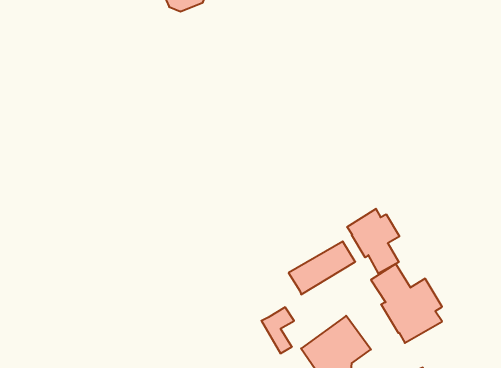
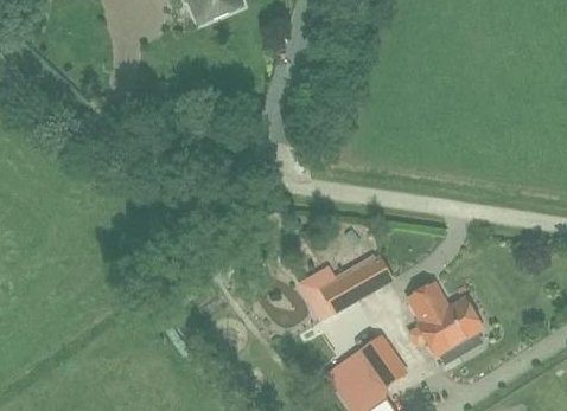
building: [347,209,399,274] -> none
building: [261,307,294,353] -> [299,268,333,316]

